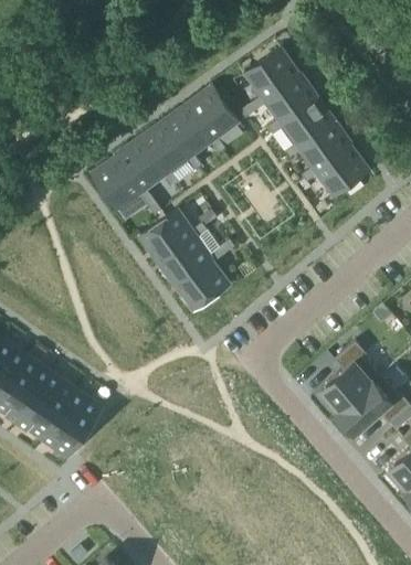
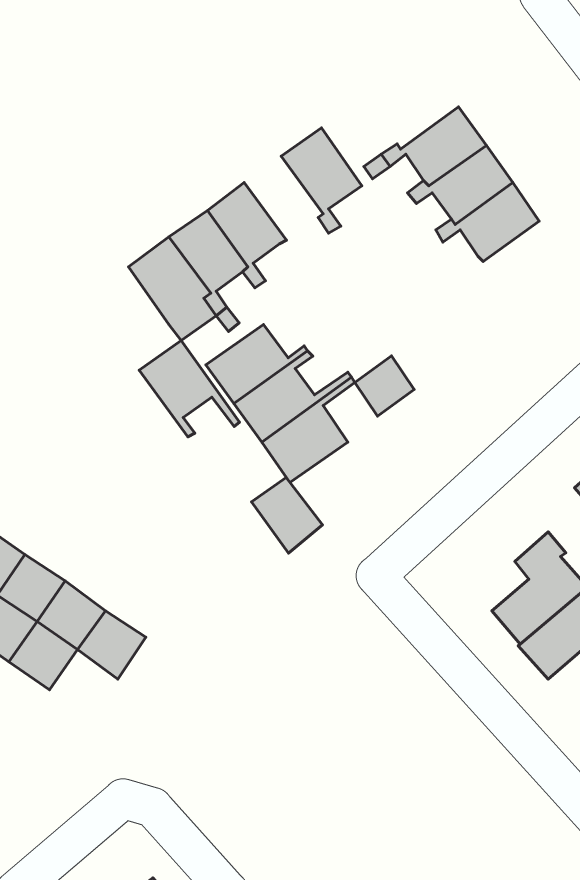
building: [244,47,298,99] -> none
building: [164,104,213,170] -> none
building: [301,145,368,196] -> none
building: none -> [139,340,240,437]
building: none -> [355,356,414,416]
building: none -> [251,478,322,553]
building: [41,414,84,457] -> none

